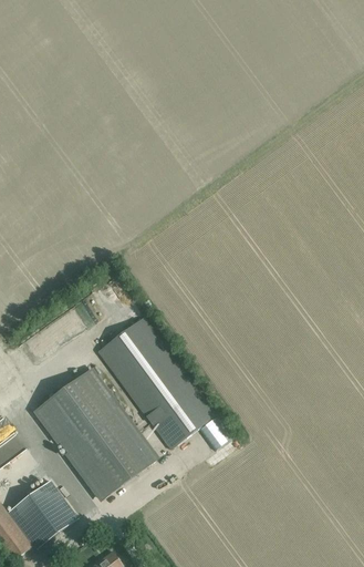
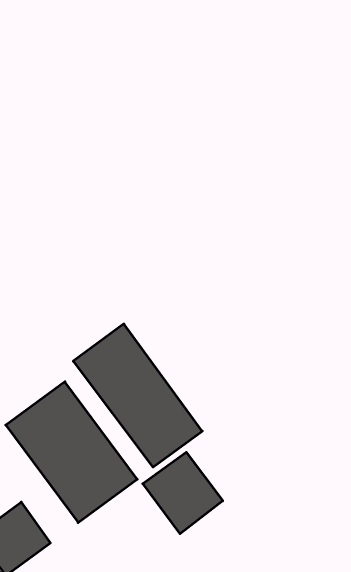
building: none -> [143,452,223,534]

